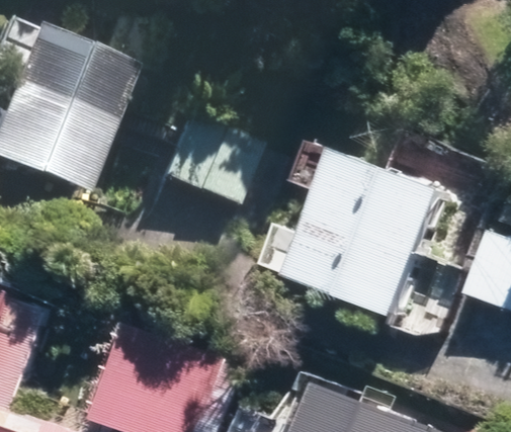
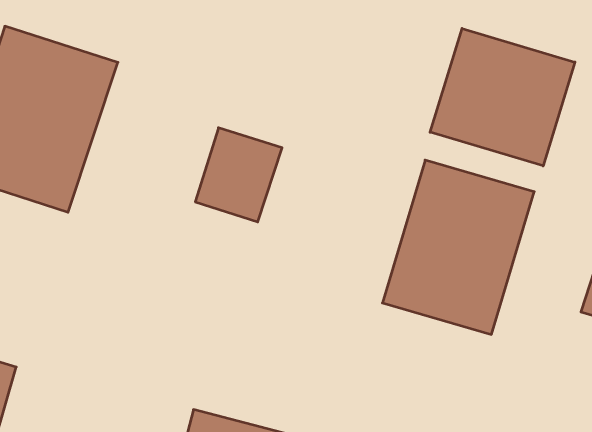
building: none -> [430,28,575,166]

